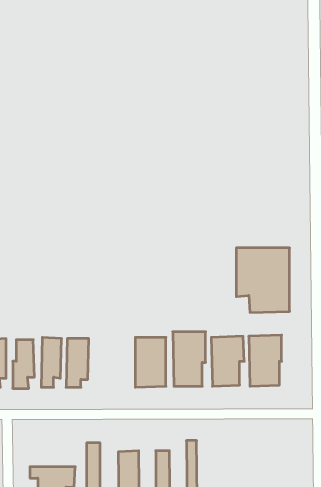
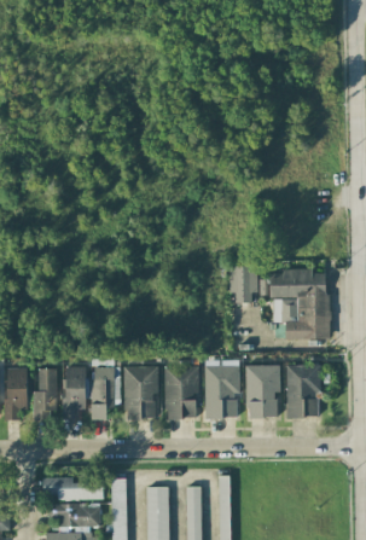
building: none -> [228,266,257,303]
building: none -> [123,365,158,419]
building: none -> [43,477,103,500]

